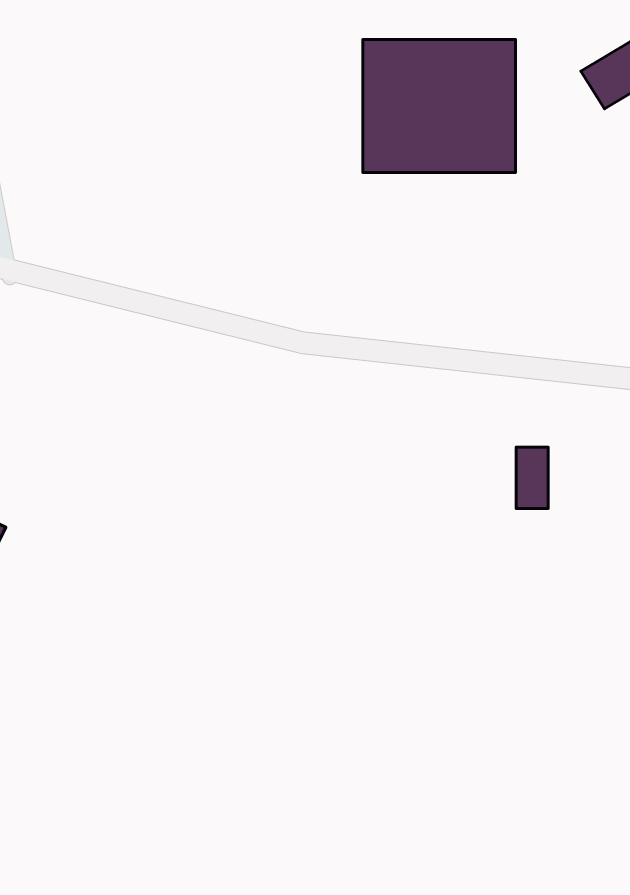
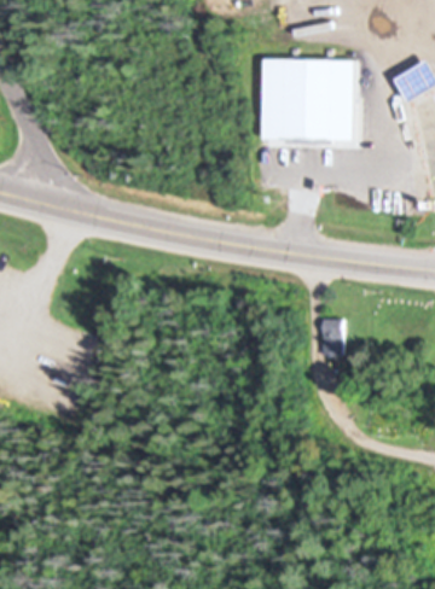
building: [516,447,548,509] -> [320,319,340,356]

